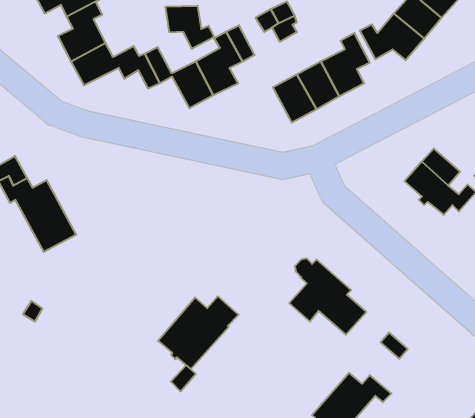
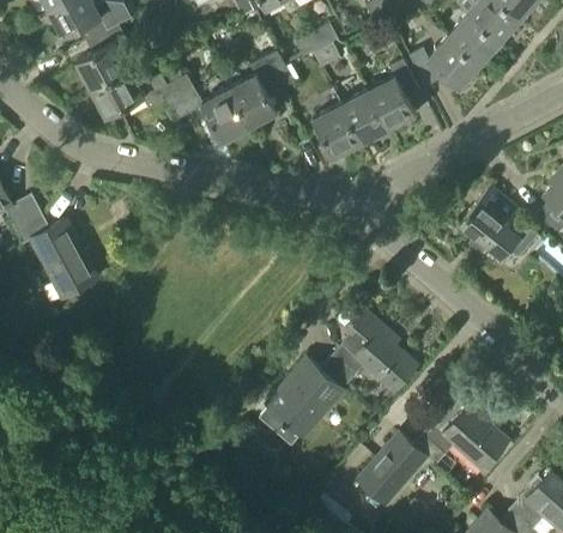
building: [166,6,214,49] -> none
building: [158,296,239,369] -> [266,356,355,436]
building: none -> [420,406,508,468]

